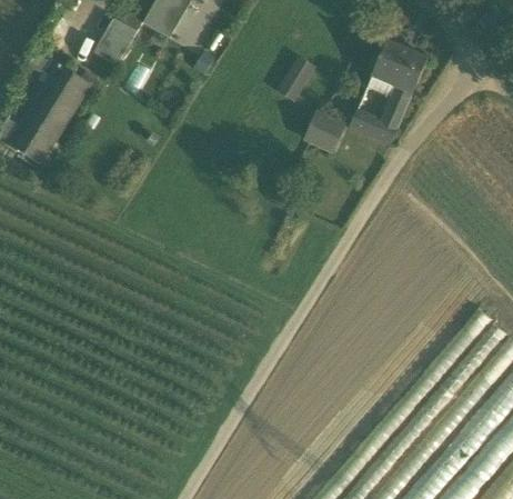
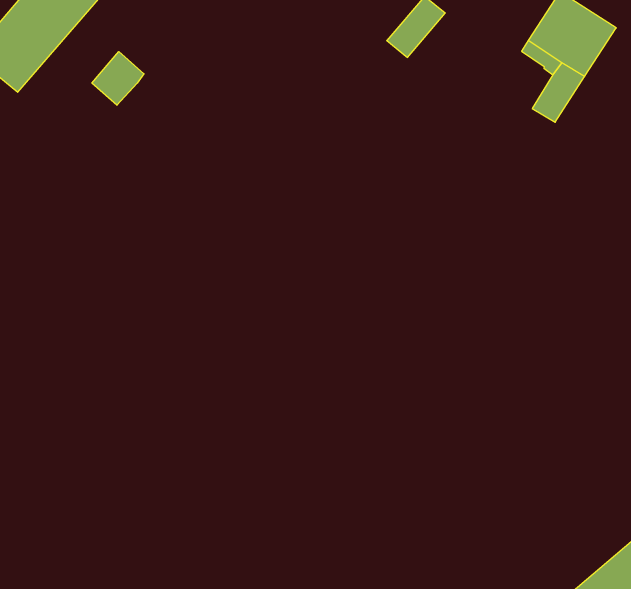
building: [351,108,400,143] -> none
building: [308,112,344,149] -> none
building: none -> [92,52,144,105]

